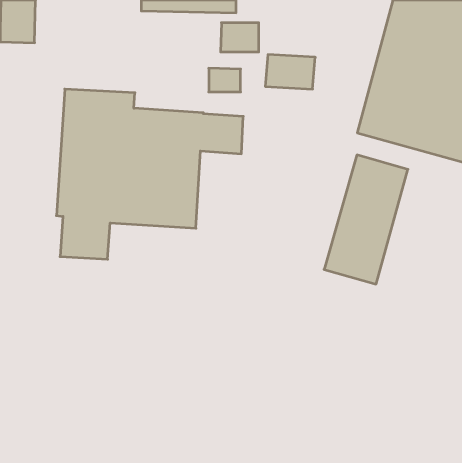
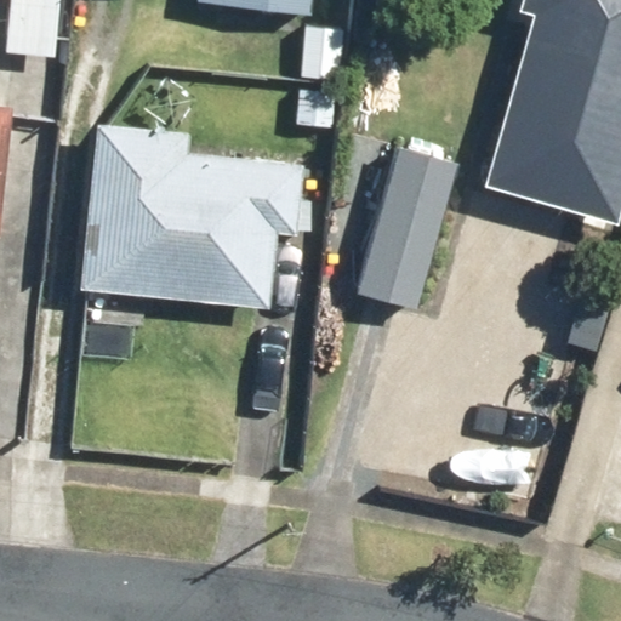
building: [324,155,408,284] -> [363,136,474,308]

